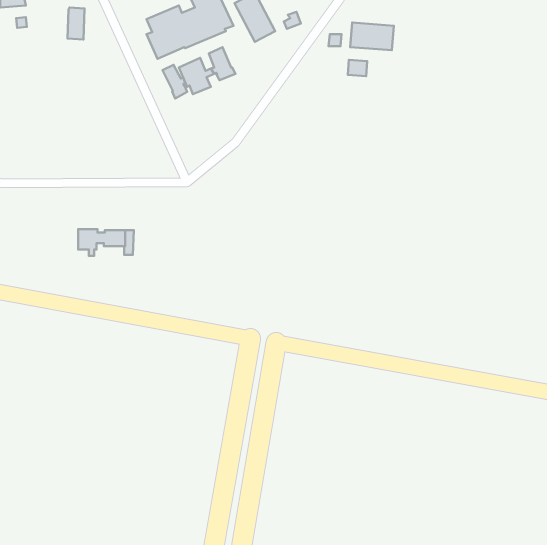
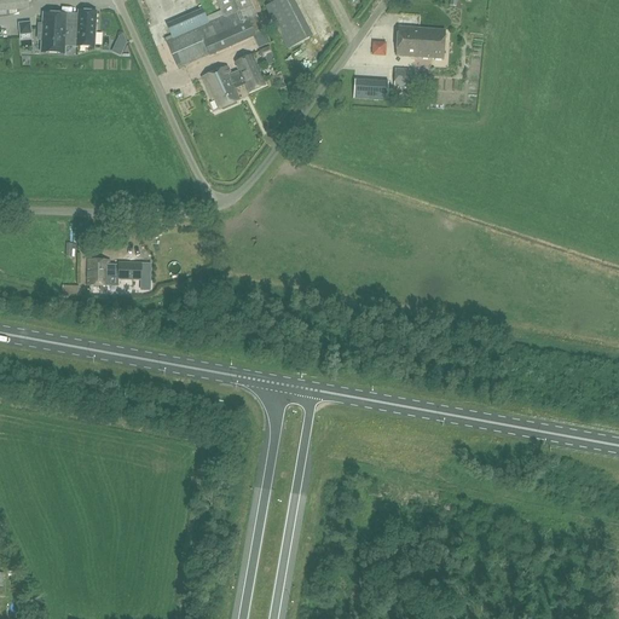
building: none -> [36,10,77,52]
building: [163,65,187,98] -> none
building: none -> [353,77,388,98]

